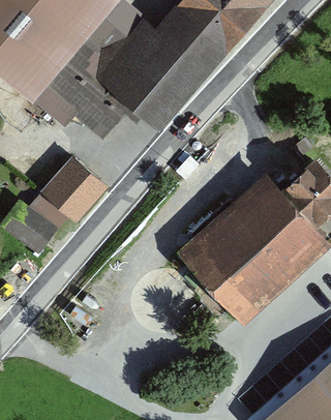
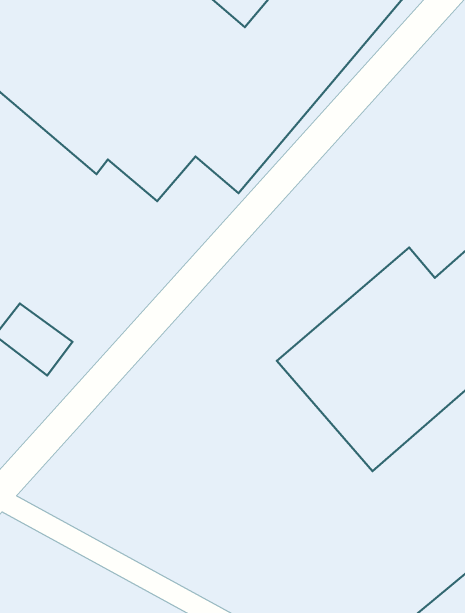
building: [37,161,101,227] -> none

